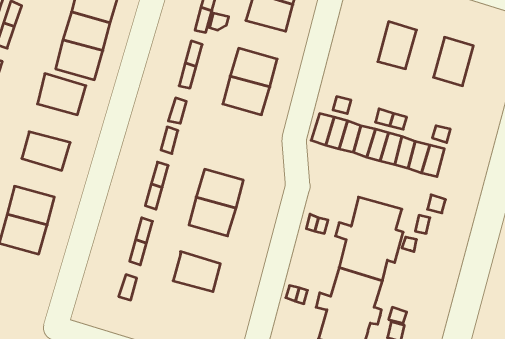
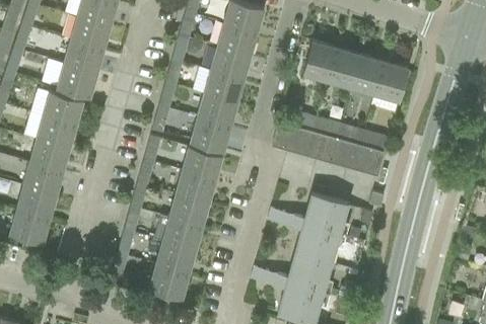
building: none -> [303,42,337,81]
building: none -> [211,47,251,79]
building: none -> [351,55,384,94]
building: none -> [36,116,76,149]
building: none -> [191,116,230,151]
building: none -> [183,147,222,180]
building: none -> [23,162,63,194]
building: none -> [153,215,202,250]
building: none -> [149,264,190,298]

